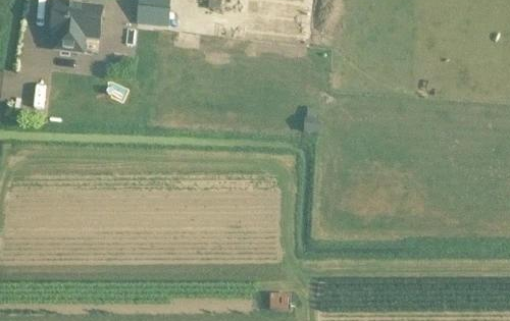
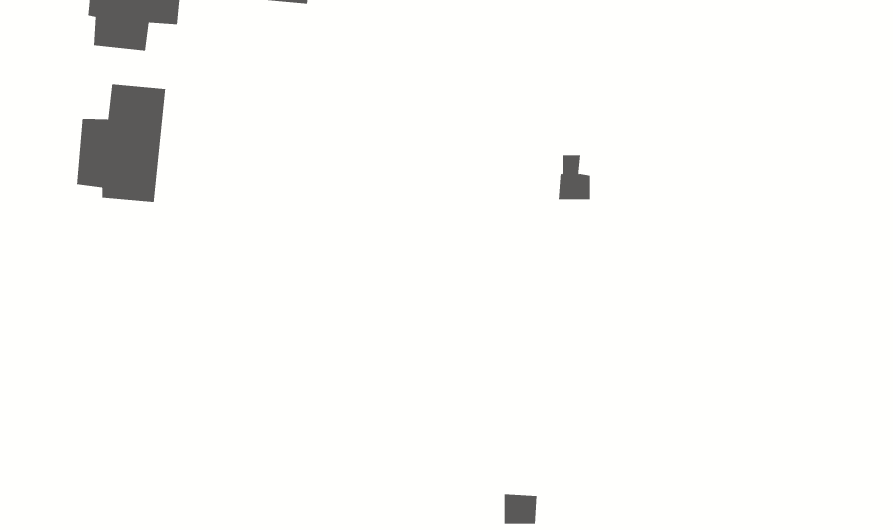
building: none -> [77,83,166,203]

